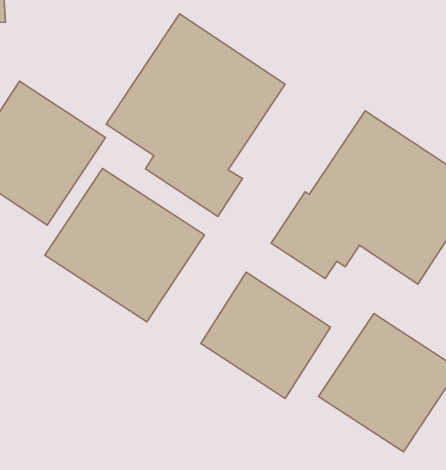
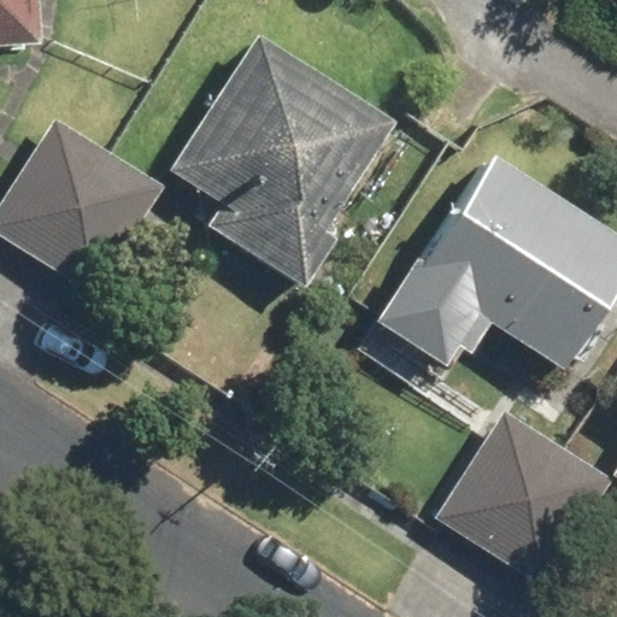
building: [45,168,205,322] -> none
building: [201,272,330,398] -> none

